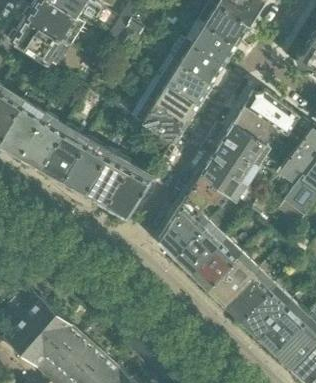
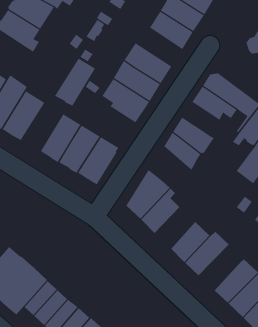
building: [169,38,223,84] -> none
building: [222,124,265,162] -> none
building: [40,125,87,180] -> [54,58,96,107]
building: [184,174,230,212] -> none
building: [191,243,237,290] -> none
building: [241,285,287,337] -> none

